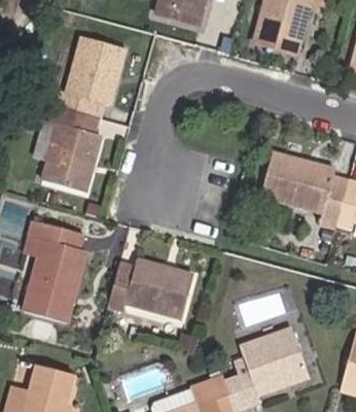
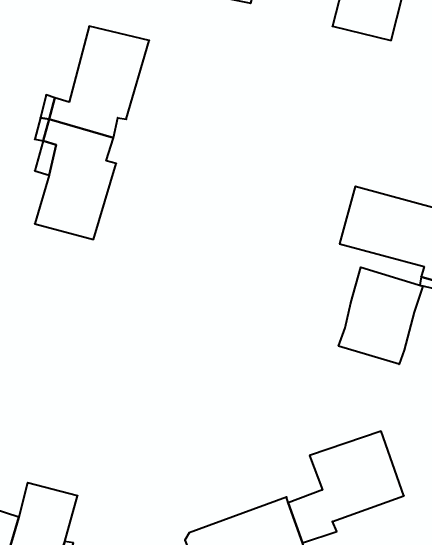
building: none -> [339,267,423,364]
building: [25,221,85,322] -> none
building: [107,260,192,316] -> none

